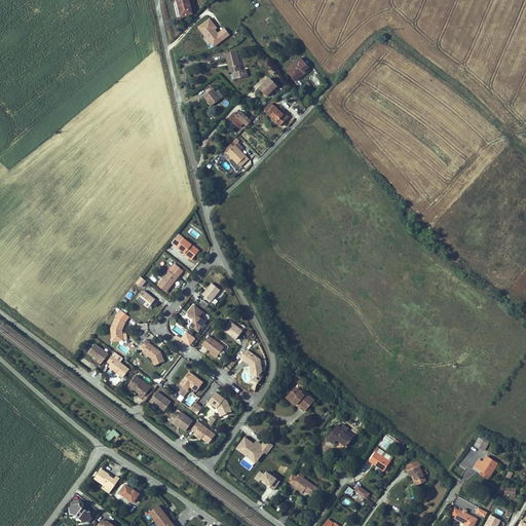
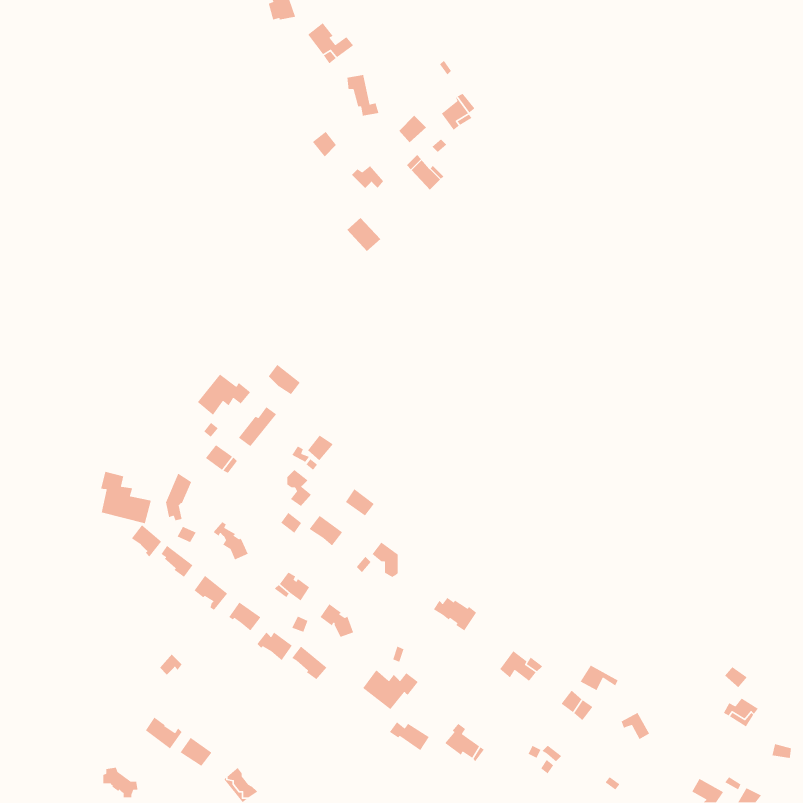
building: none -> [197,373,251,416]
building: none -> [100,471,152,524]

